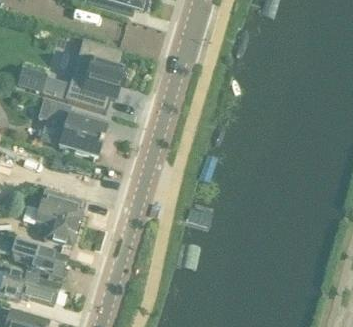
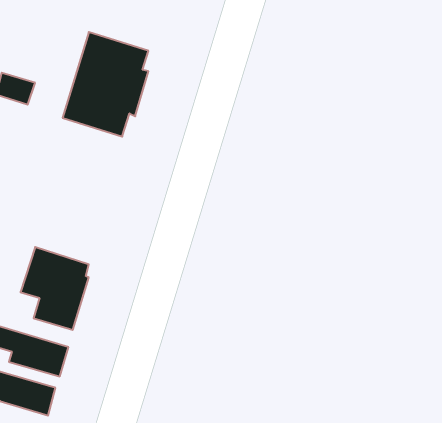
building: [38,97,105,156] -> none

